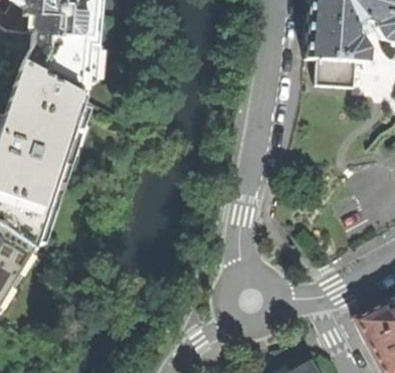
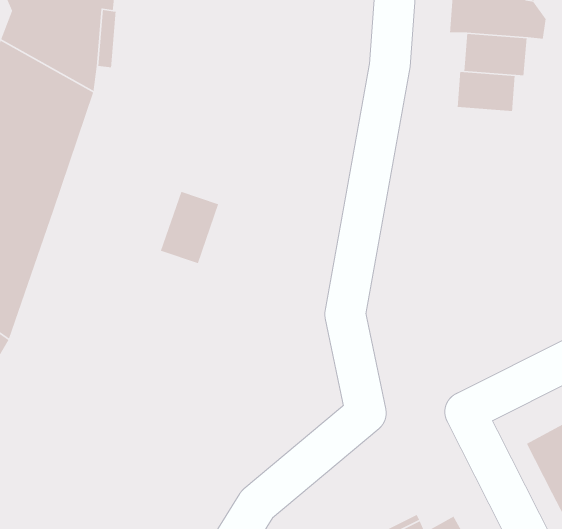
building: none -> [457,71,516,112]
building: none -> [160,191,219,264]

